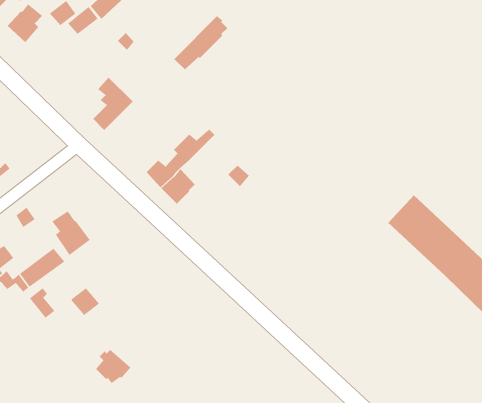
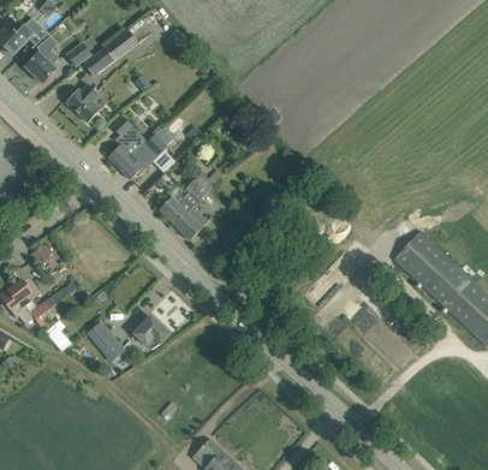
building: [174,16,228,70] -> [119,125,172,178]
building: none -> [65,83,100,121]
building: [51,210,90,256] -> none
building: [95,349,131,384] -> [135,315,169,349]

